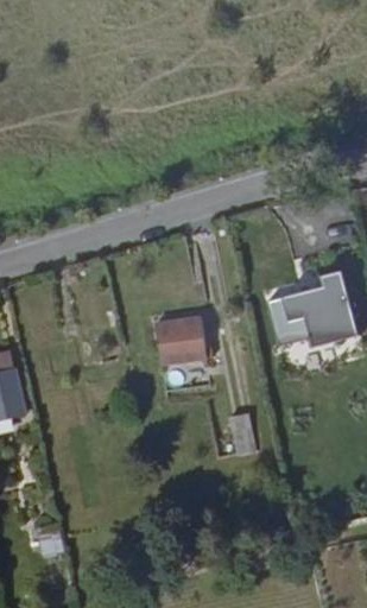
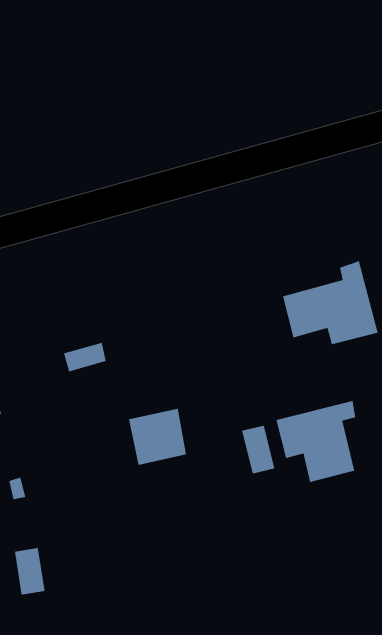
building: [157,318,208,368] -> [128,408,187,465]
building: none -> [276,400,356,483]

